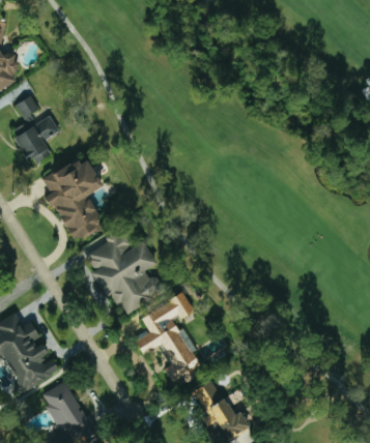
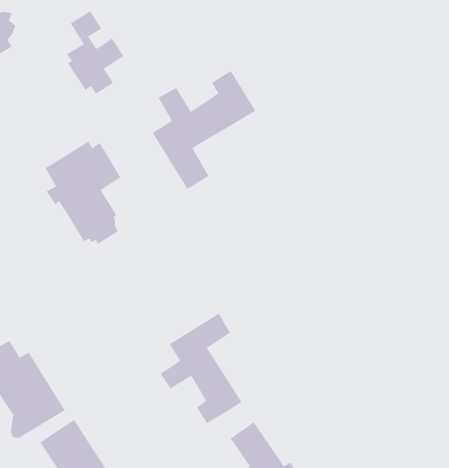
building: [11,94,58,161] -> [66,11,124,95]
building: none -> [152,70,256,190]
building: [83,229,162,314] -> none

